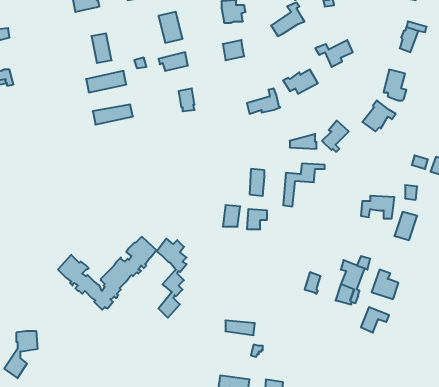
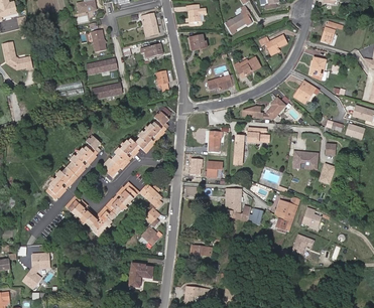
building: none -> [101,112,168,176]
building: none -> [45,136,100,199]
building: none -> [226,188,250,220]
building: none -> [128,263,152,287]

